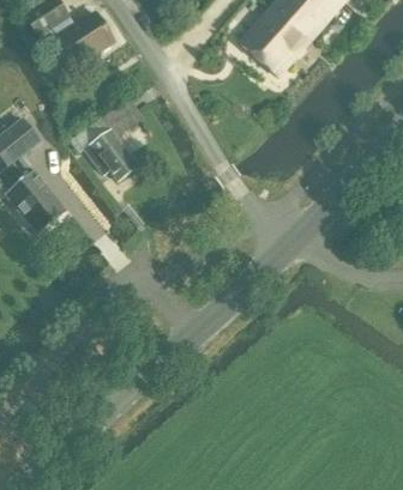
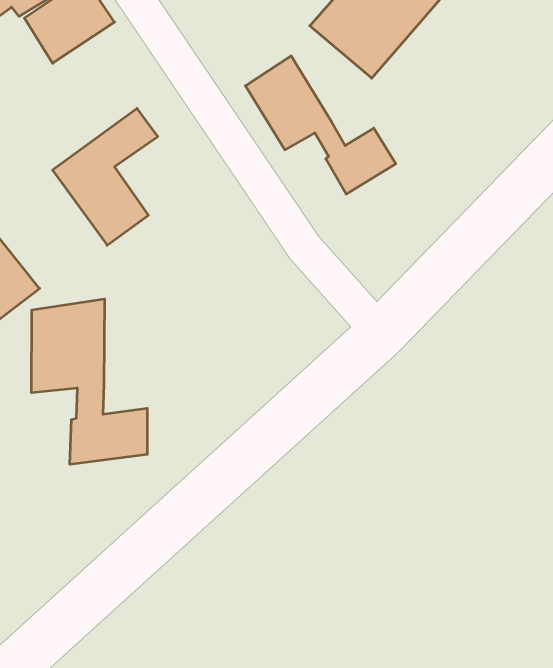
building: none -> [245,56,396,194]
building: none -> [32,299,147,464]

